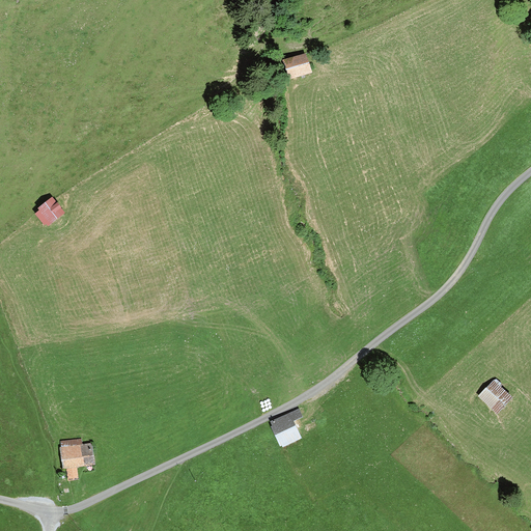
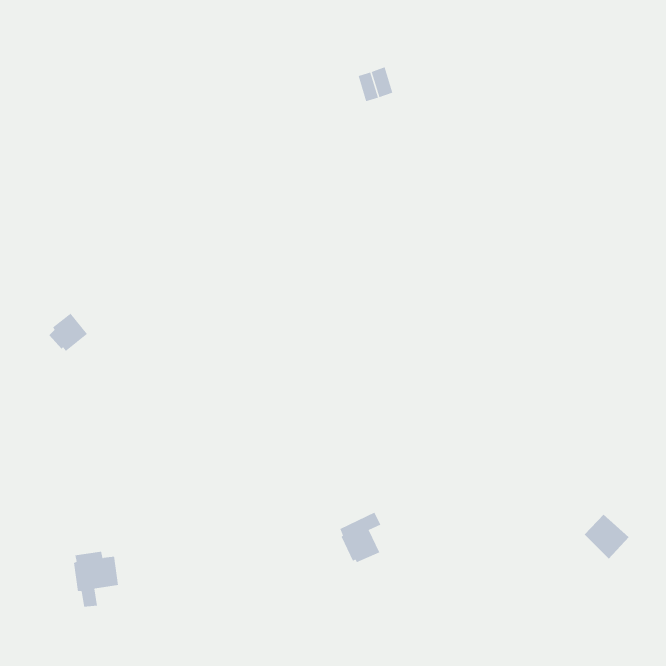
building: [34,197,65,228] -> [49,313,88,352]
building: [477,378,513,414] -> [584,514,630,559]

